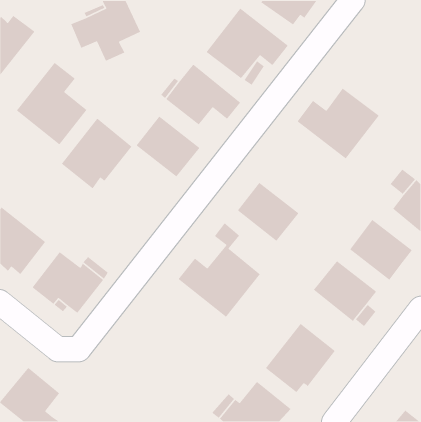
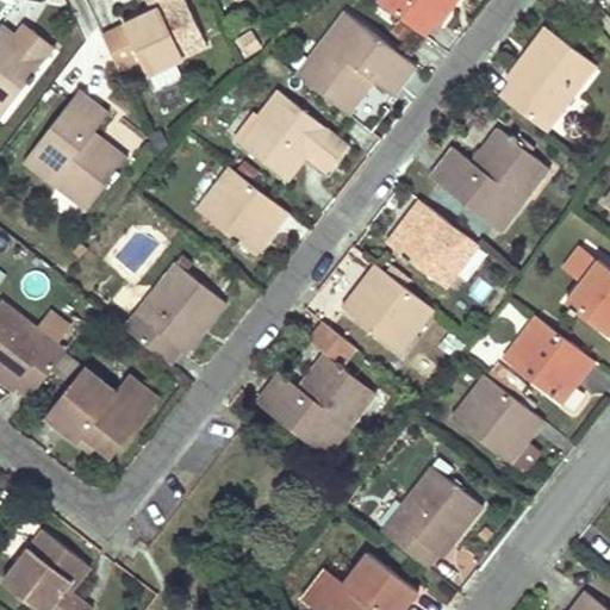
building: none -> [497,24,596,131]
building: [61,118,133,189] -> [124,262,228,366]
building: none -> [387,199,492,285]

